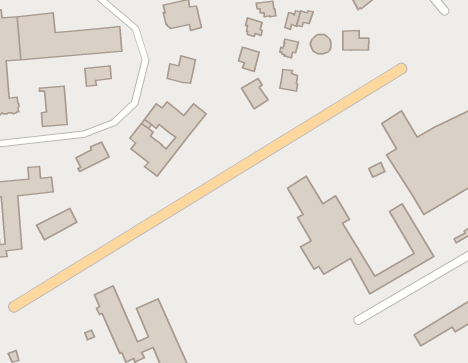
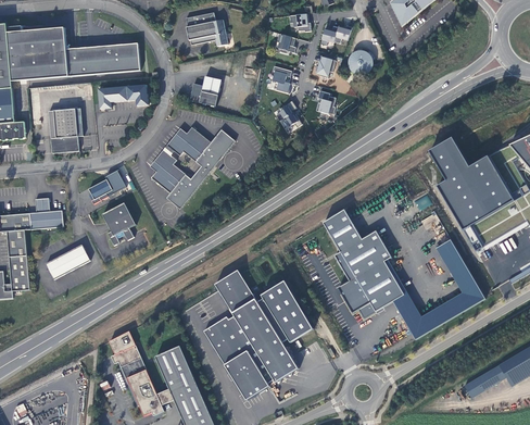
building: [343,31,369,50] -> none
building: none -> [103,202,136,246]
building: none -> [204,270,313,400]

